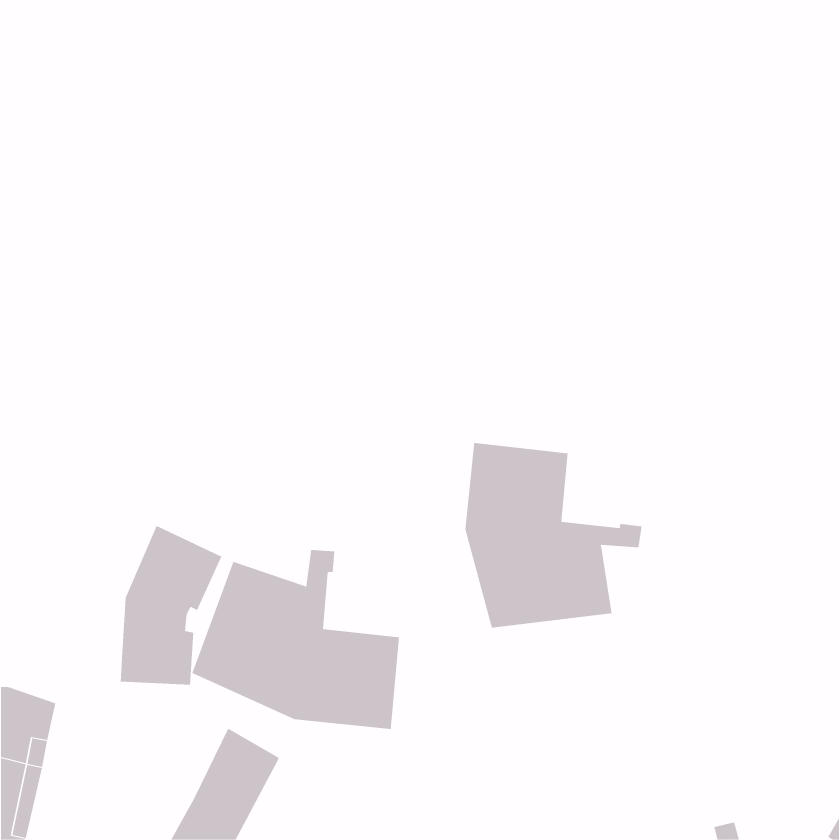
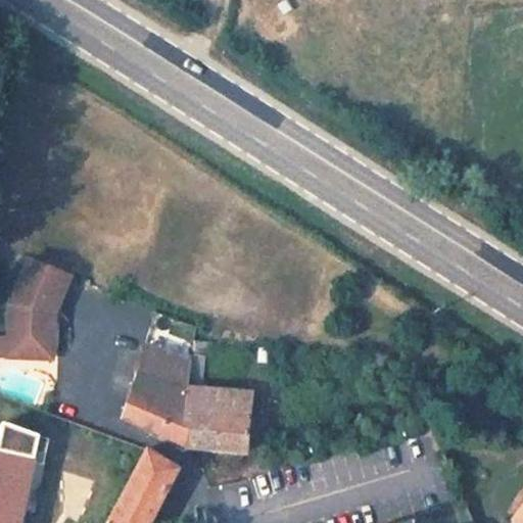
building: [465,442,642,629] -> none
building: [120,525,222,685] -> [7,262,70,361]

